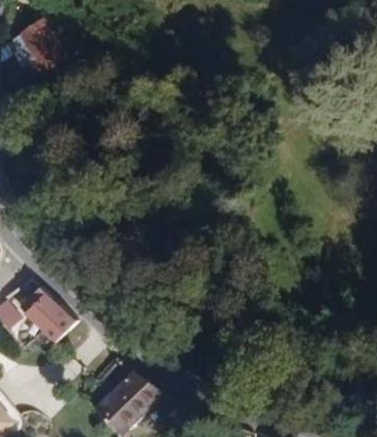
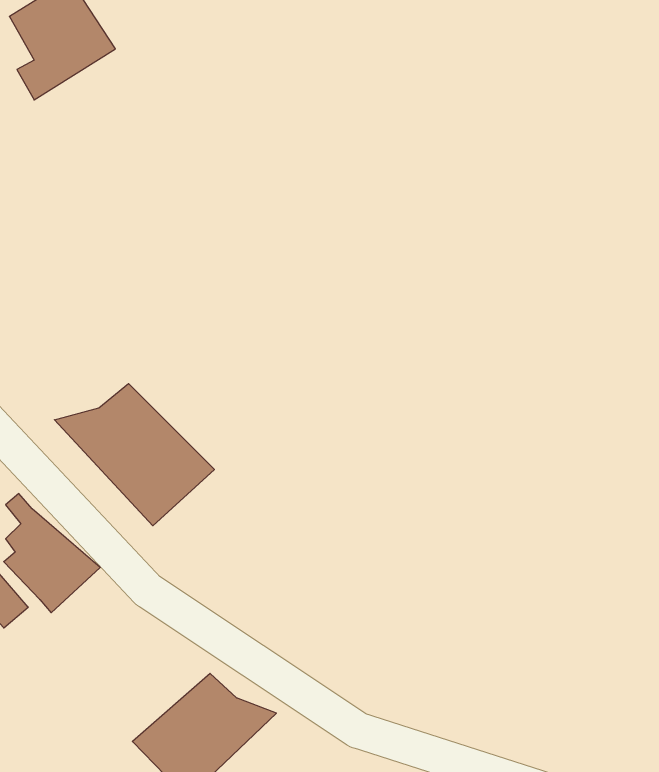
building: none -> [54,384,214,526]

